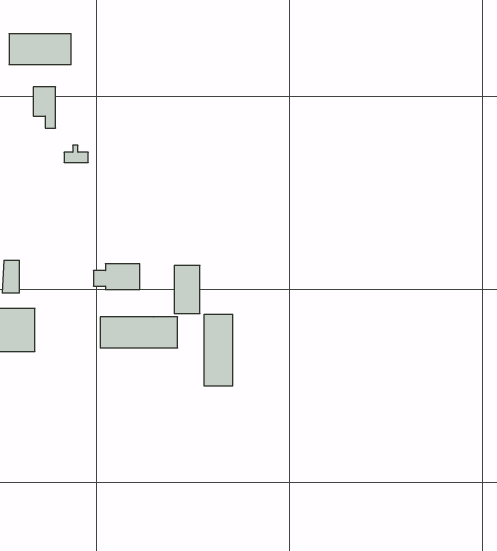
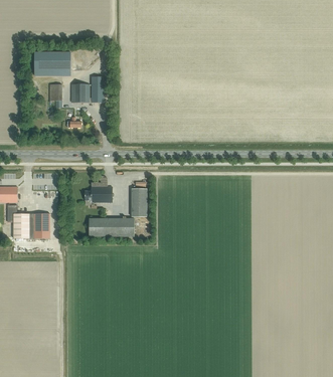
building: none -> [71,76,105,103]
building: [204,314,233,386] -> none

